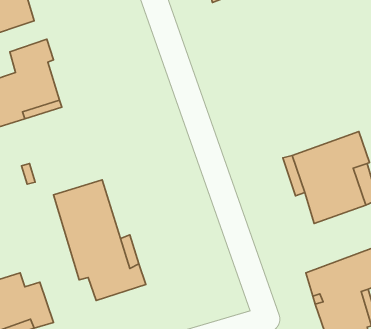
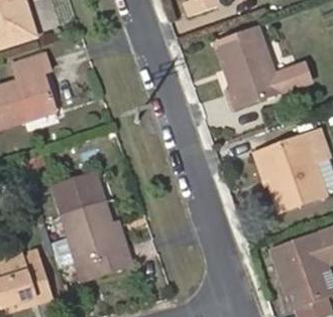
building: none -> [219,28,309,110]

